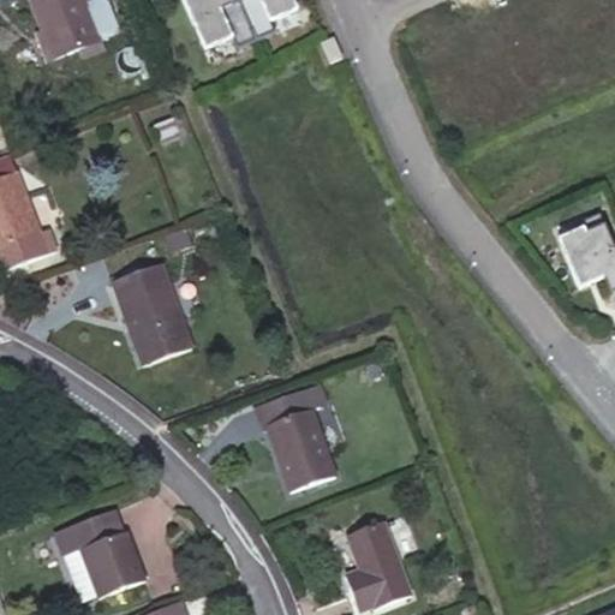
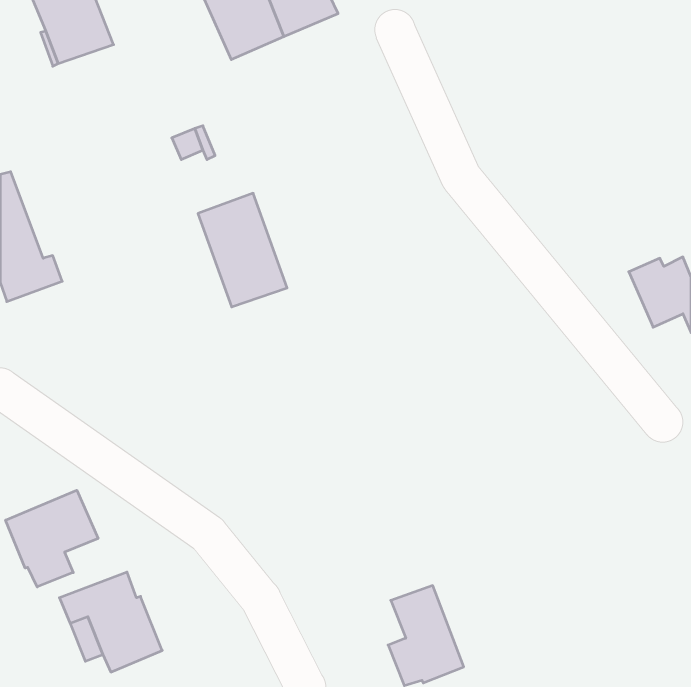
building: [112,262,191,363] -> [198,193,287,307]
building: [253,381,335,490] -> none
building: none -> [6,490,98,587]

